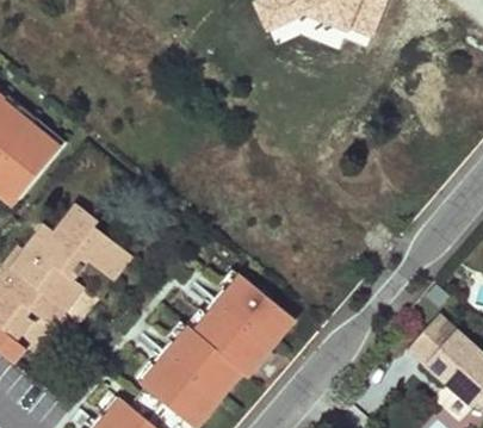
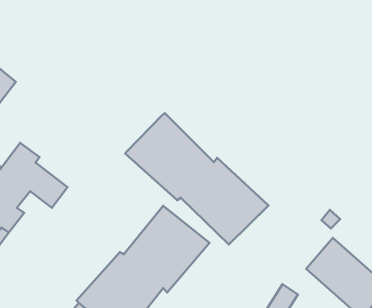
building: none -> [125,113,268,245]

